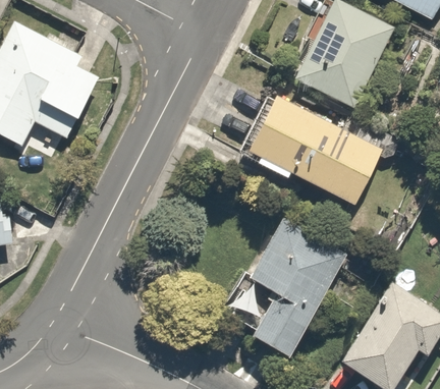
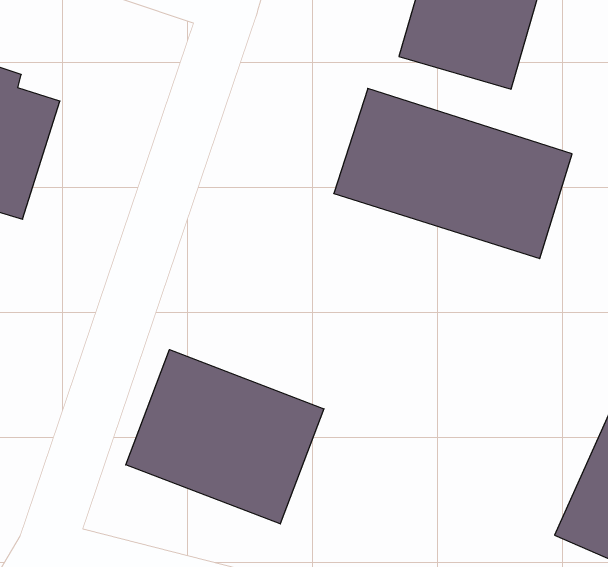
building: [246,215,349,358] -> none
building: none -> [126,350,324,524]

